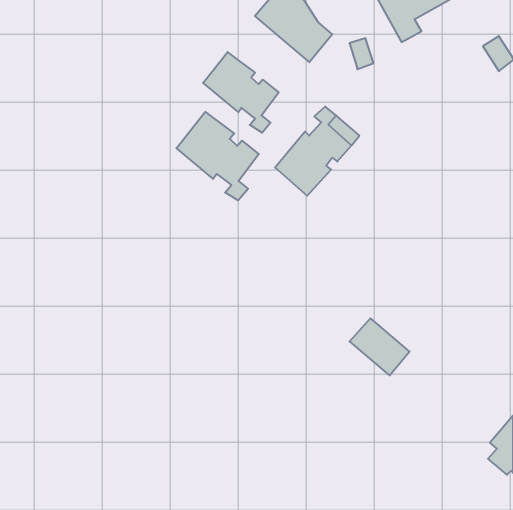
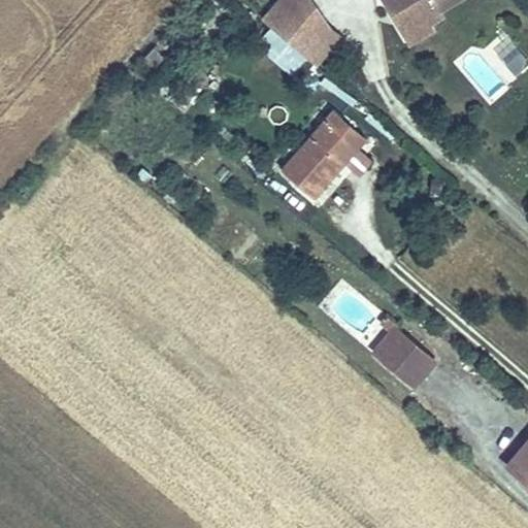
building: [203,52,279,133] -> none
building: [176,112,259,200] -> none

